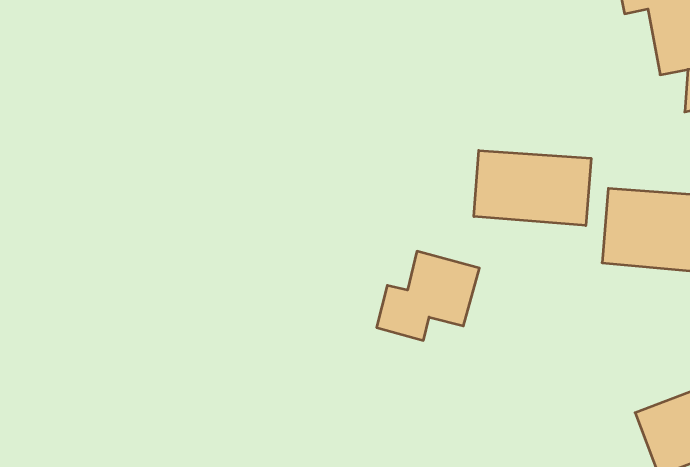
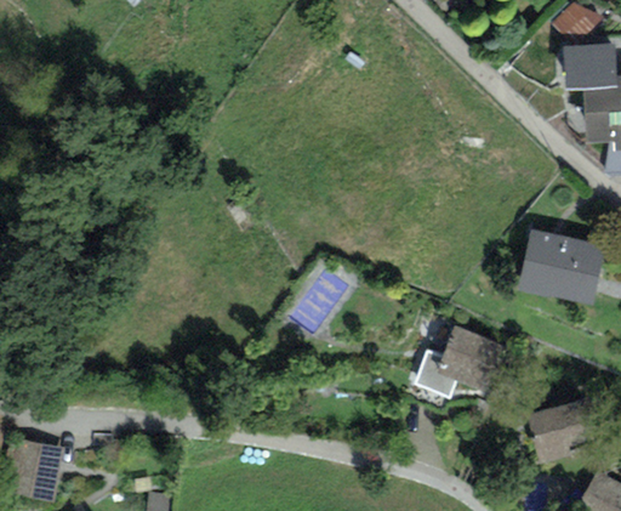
building: [474,150,591,226] -> none
building: [377,251,479,340] -> [414,325,503,398]

